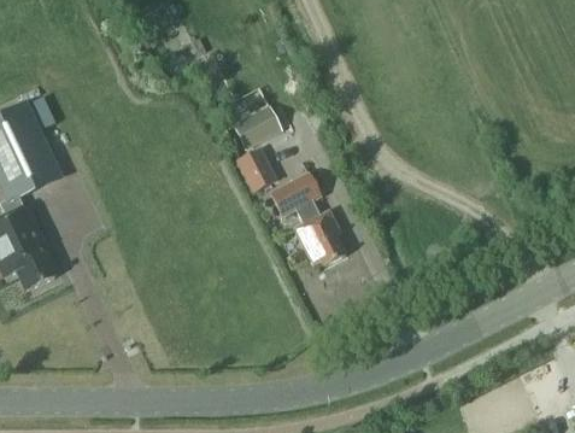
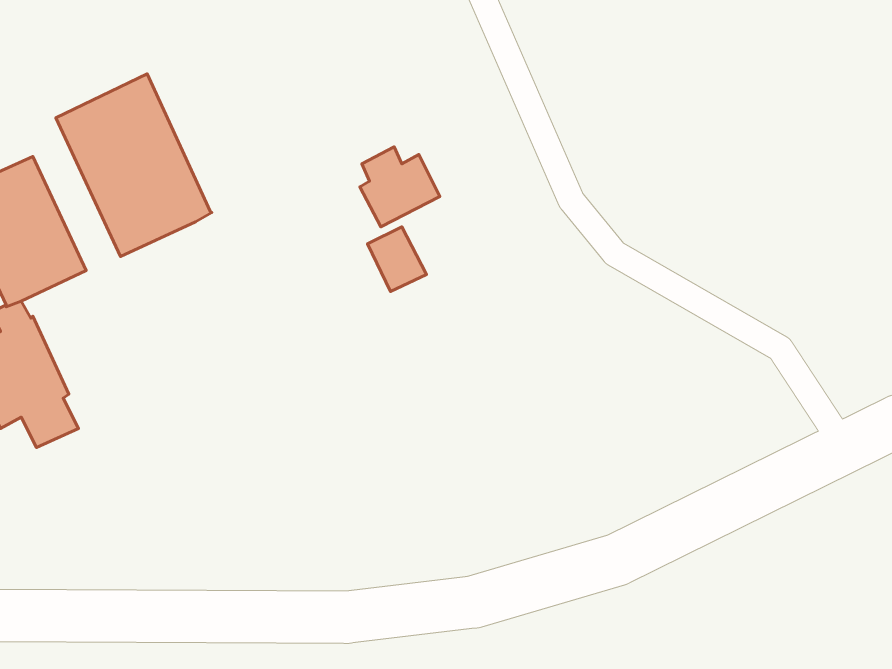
building: none -> [56,74,212,257]
building: [270,171,345,264] -> none

